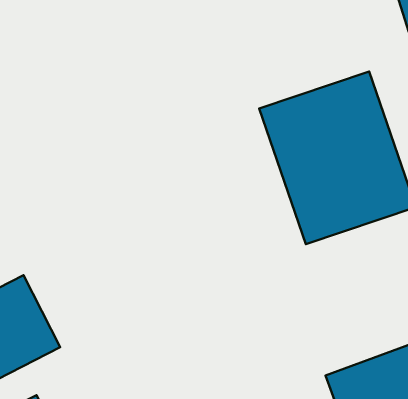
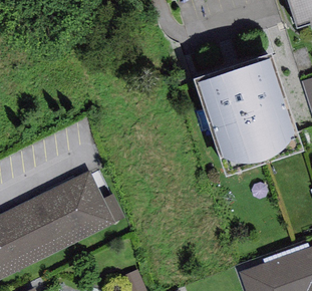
building: none -> [23,170,113,253]

